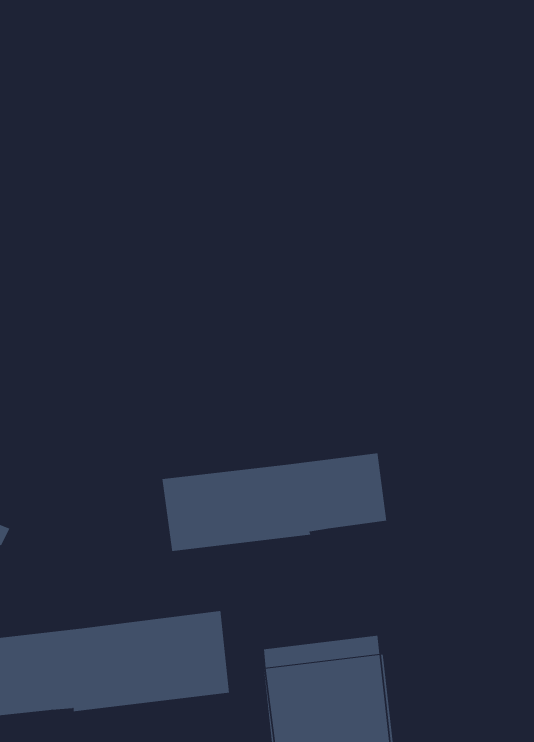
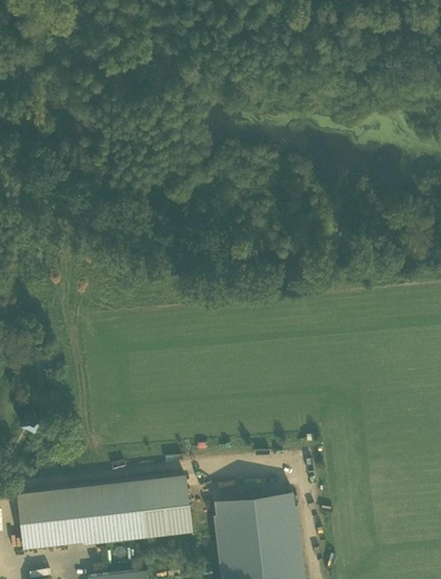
building: [162,452,387,552] -> none

